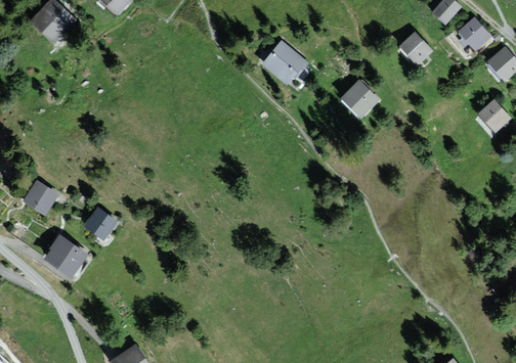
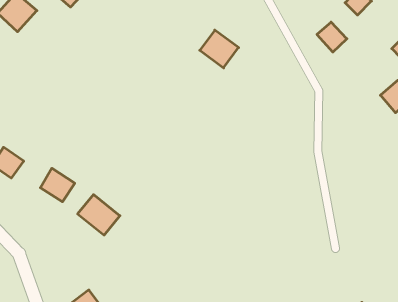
building: [457,19,489,52] -> none
building: [341,82,380,120] -> none
building: [42,232,91,279] -> [78,195,120,235]

